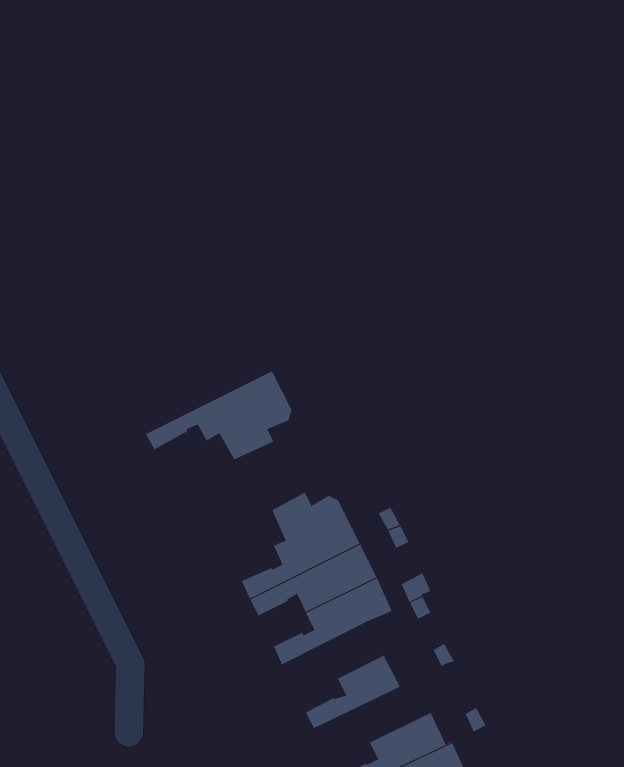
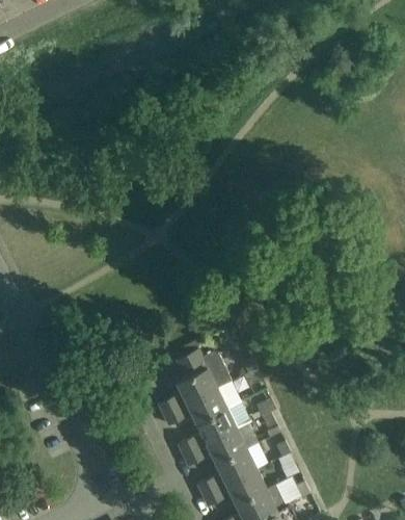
building: [145,370,292,460] -> none
building: none -> [182,428,245,466]
building: none -> [201,469,274,506]

